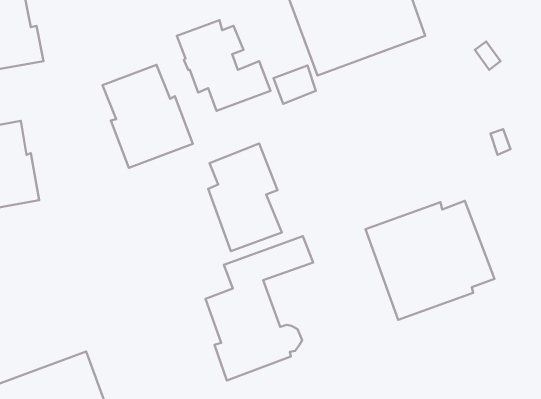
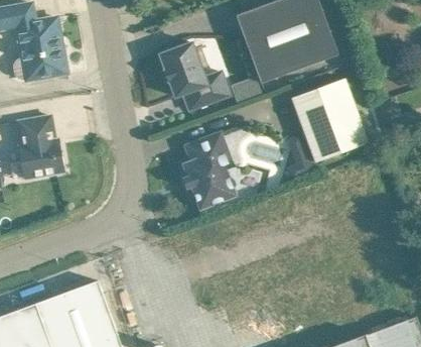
building: [102,65,193,168] -> none
building: [365,201,495,320] -> [291,78,383,162]
building: [206,236,313,380] -> none

